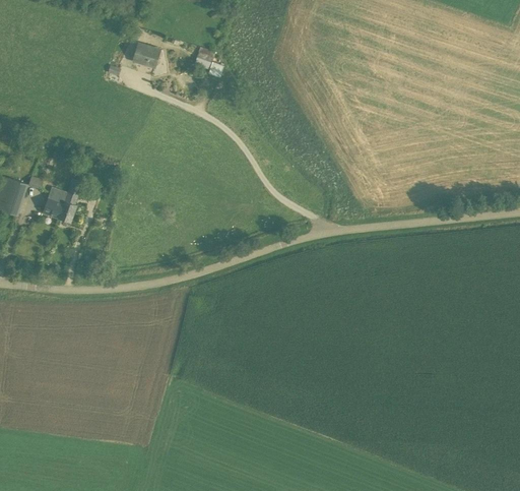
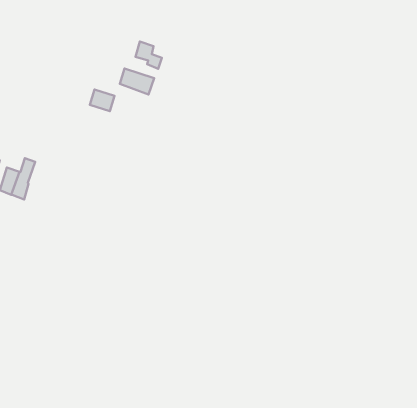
building: [132,43,159,67] -> [90,89,114,111]
building: none -> [120,68,154,95]

